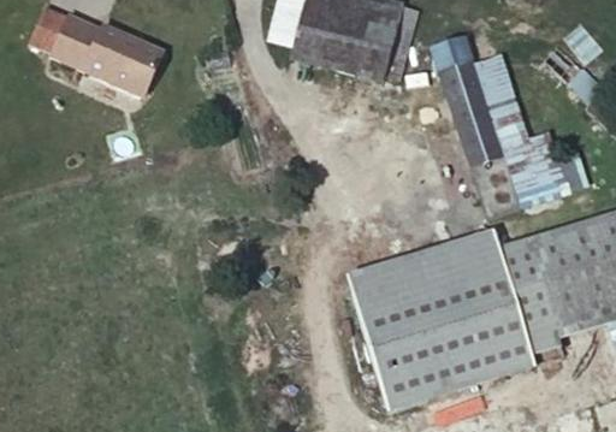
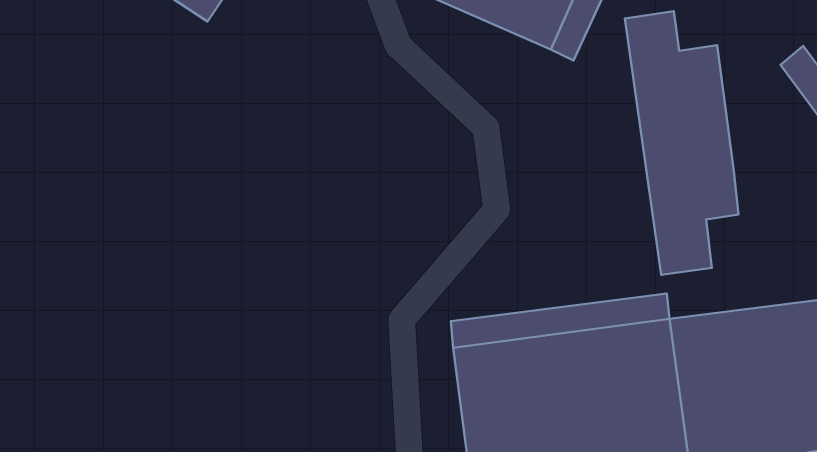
building: [511,128,569,206] -> none

